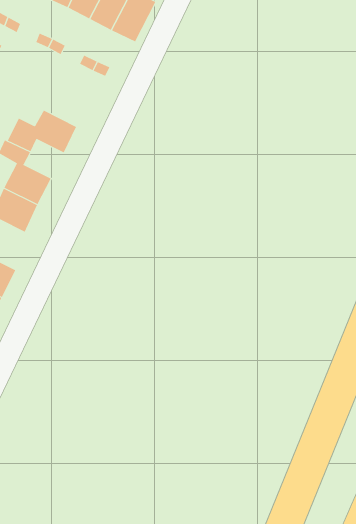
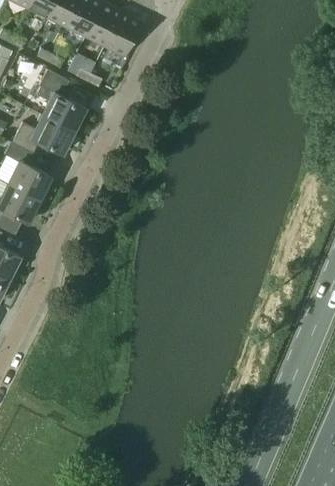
building: none -> [37,70,86,131]

